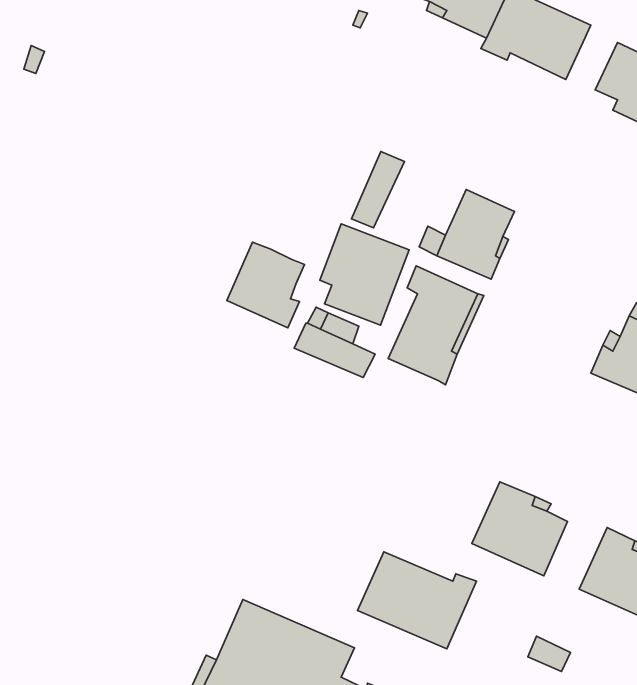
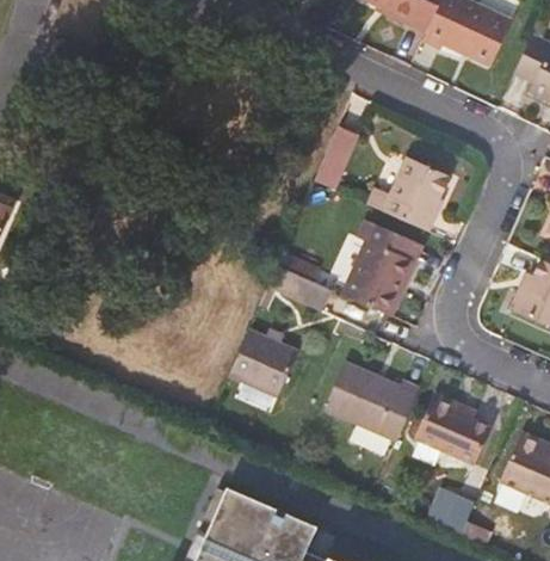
building: [320,224,409,325] -> none
building: [227,242,305,328] -> none
building: none -> [229,328,298,395]
building: [357,552,476,649] -> [325,362,421,440]
building: none -> [425,491,474,536]

